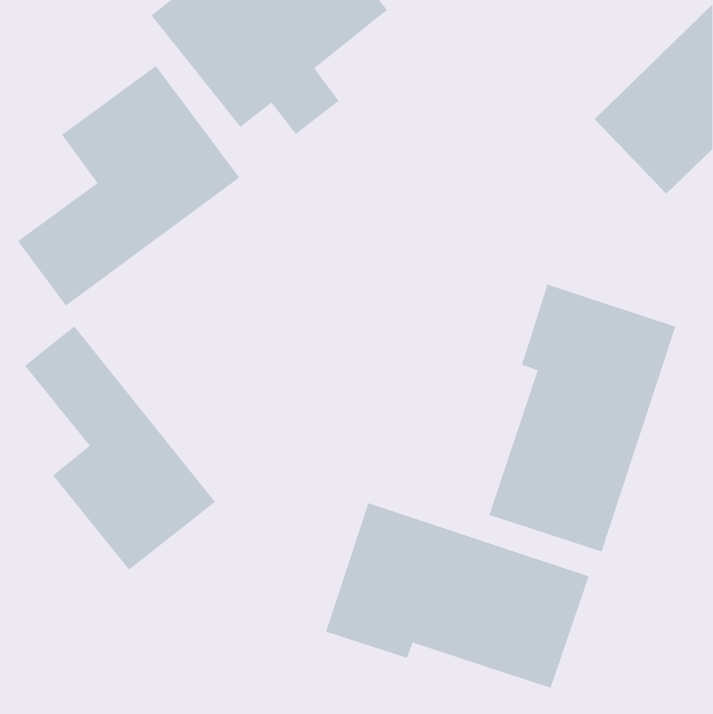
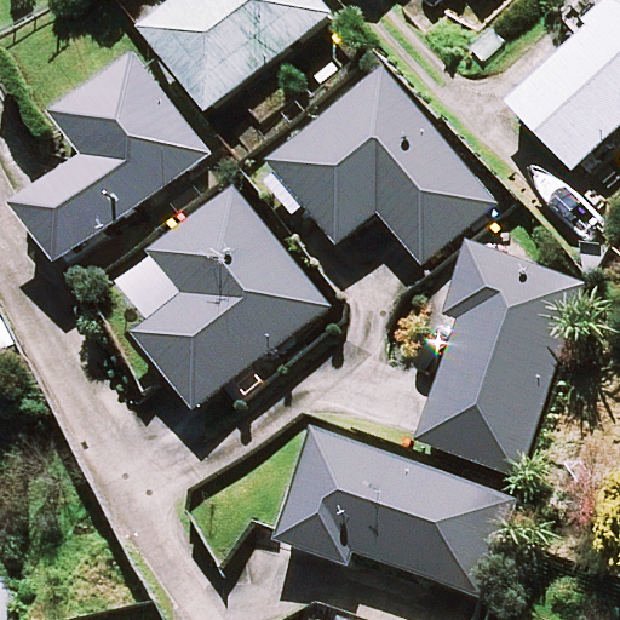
building: none -> [272,71,492,262]
building: none -> [131,185,323,407]
building: [24,325,216,571] -> none

